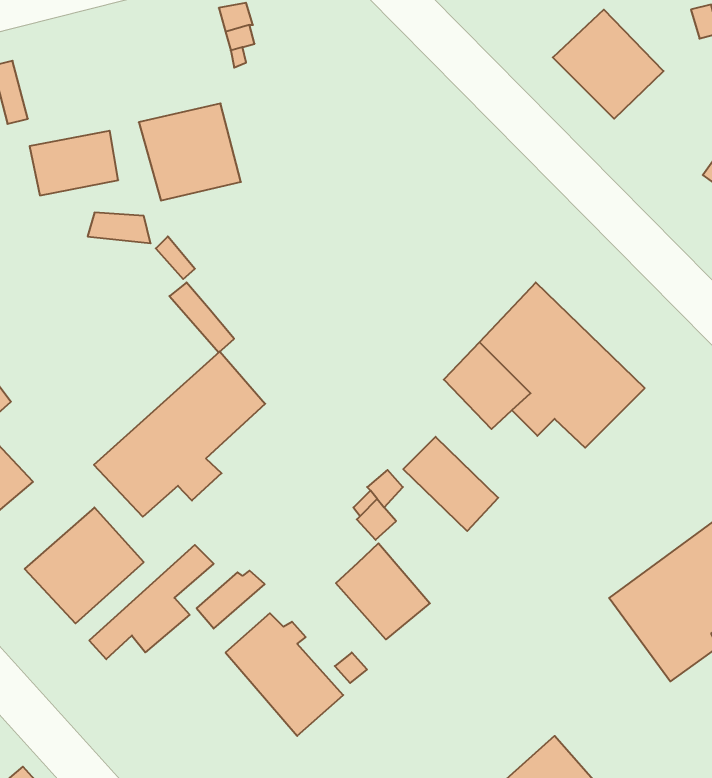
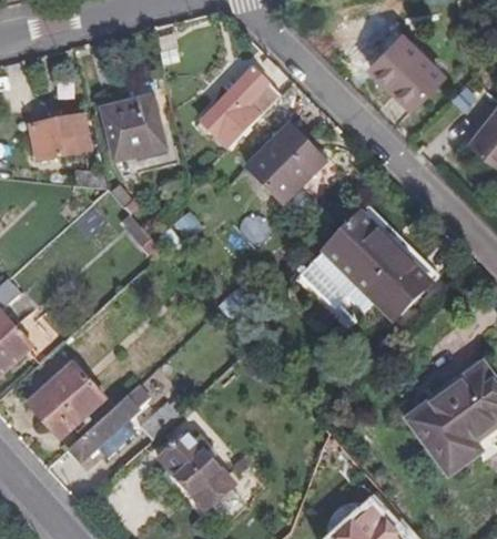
building: none -> [199,69,280,150]
building: none -> [248,126,324,202]
building: [94,351,265,517] -> none
building: [403,437,498,531] -> none
building: [336,543,430,639] -> none

